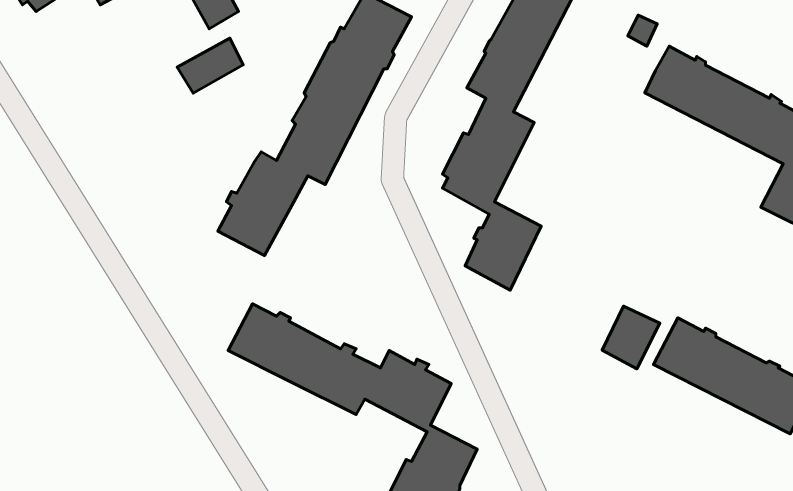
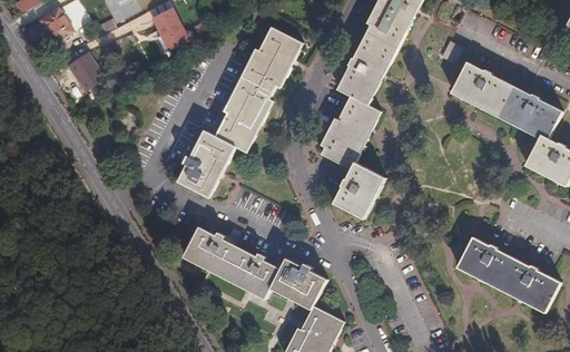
building: none -> [70,52,104,89]
building: [177,38,243,93] -> none
building: [602,306,660,369] -> none

